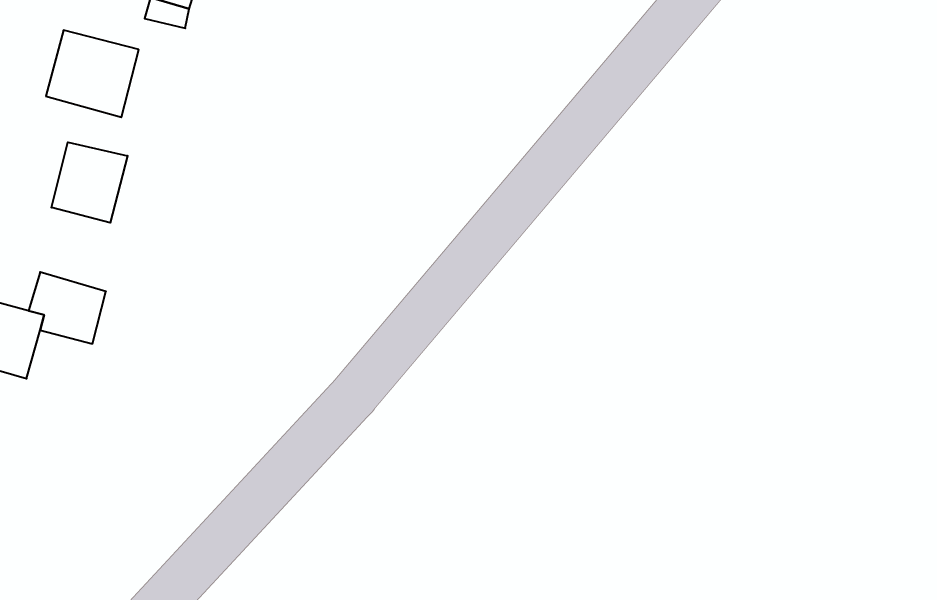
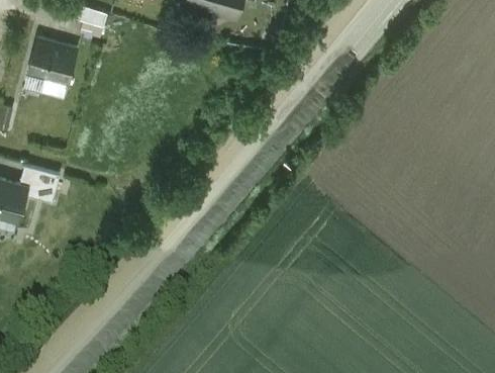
building: [51,142,128,223] -> none

